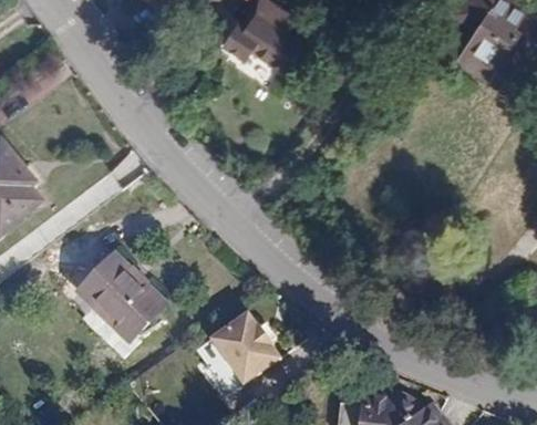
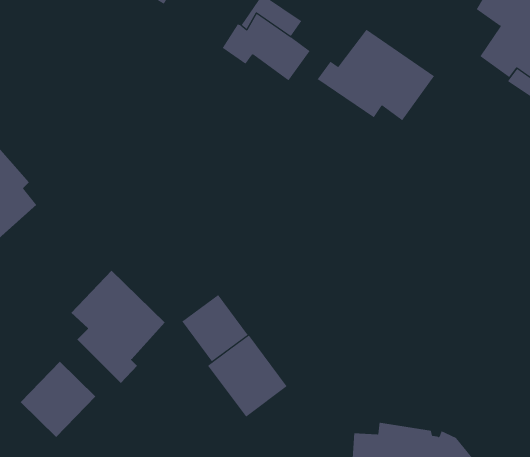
building: none -> [317,29,435,121]
building: none -> [181,294,249,362]
building: none -> [20,361,96,438]

